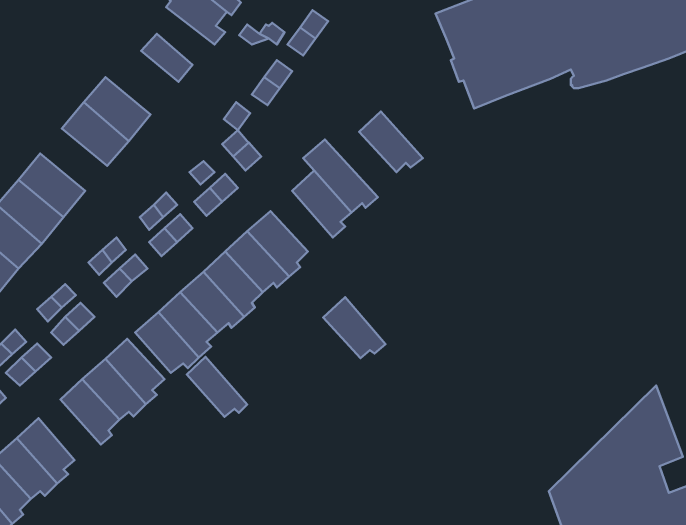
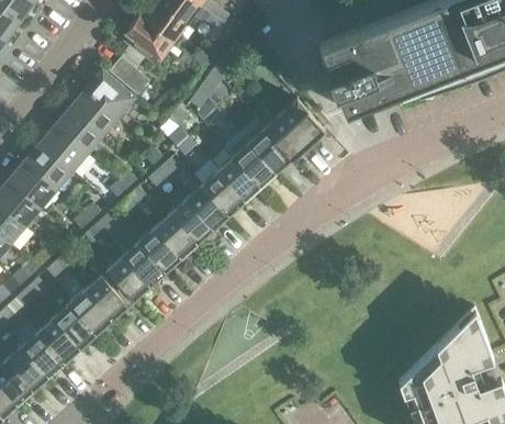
building: none -> [86,71,133,116]
building: none -> [280,100,323,147]
building: none -> [240,120,291,175]
building: none -> [40,126,87,170]
building: [323,297,386,358] -> [202,170,246,213]
building: [187,357,247,417] -> none
building: none -> [38,317,82,360]

